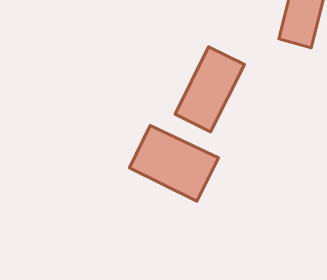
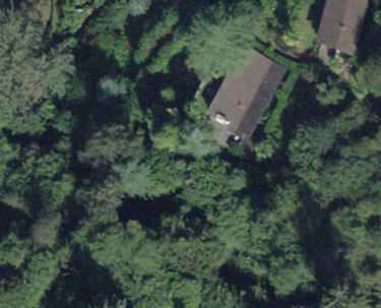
building: [130,125,218,201] -> none

